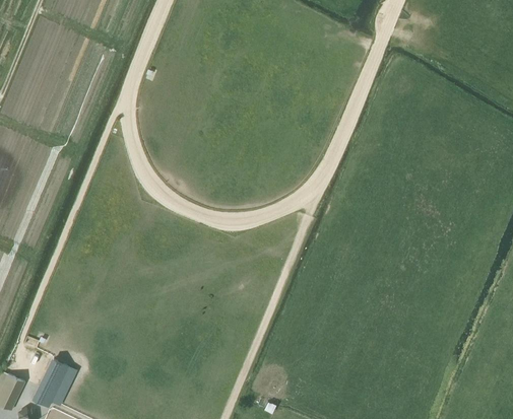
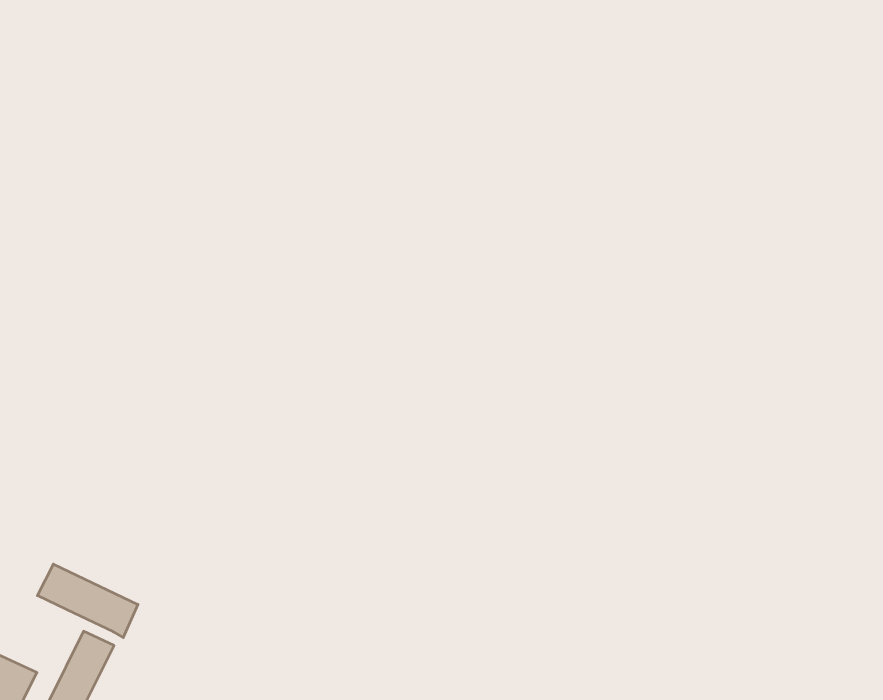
building: none -> [37,564,138,638]

